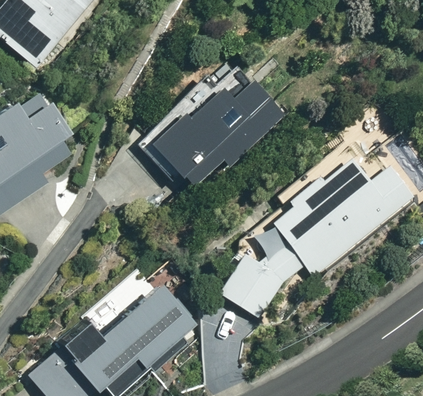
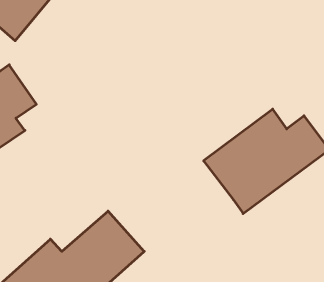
building: [142,71,292,192] -> none
building: [216,215,306,318] -> none

